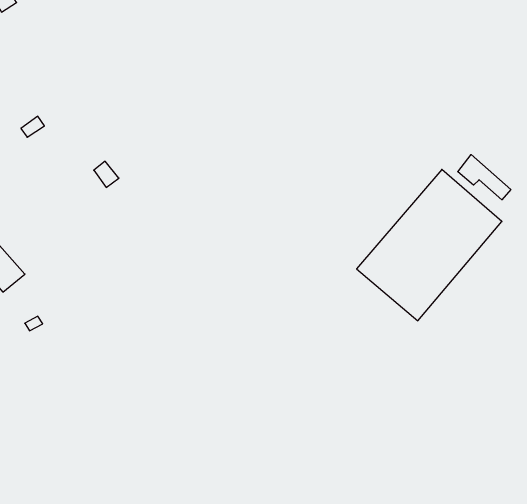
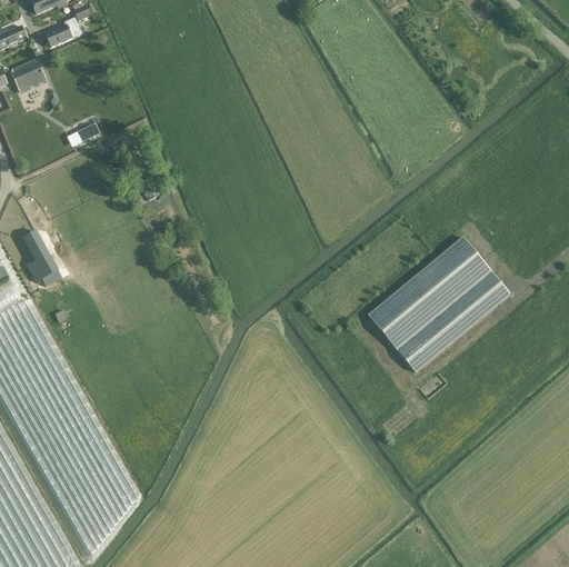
building: [458,155,511,200] -> none

